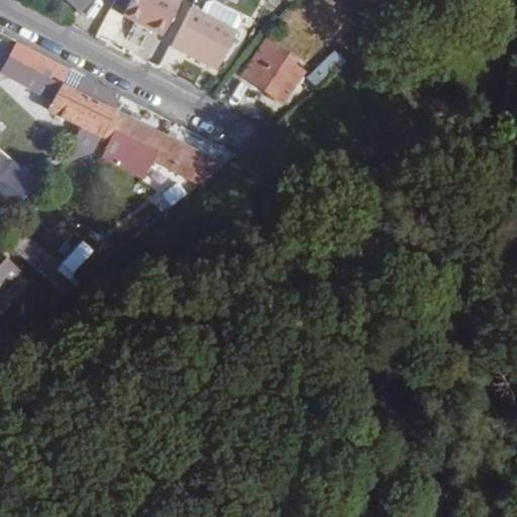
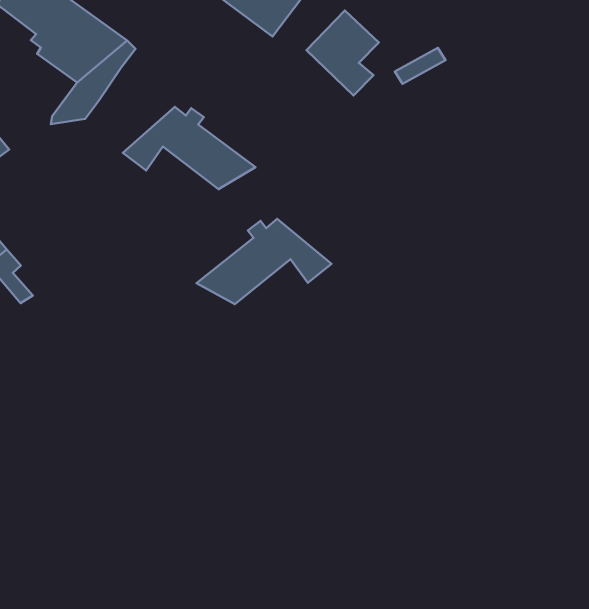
building: [98,109,153,171] -> none
building: none -> [197,219,331,304]

